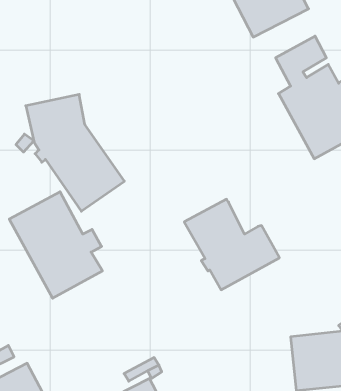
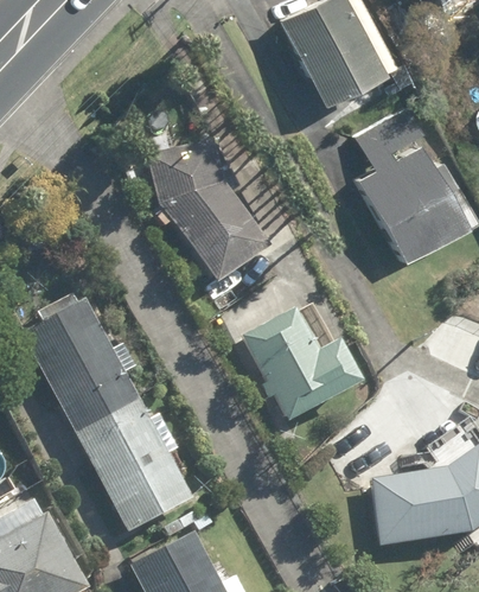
building: [26,94,124,211] -> [147,144,272,291]
building: none -> [75,399,194,536]

